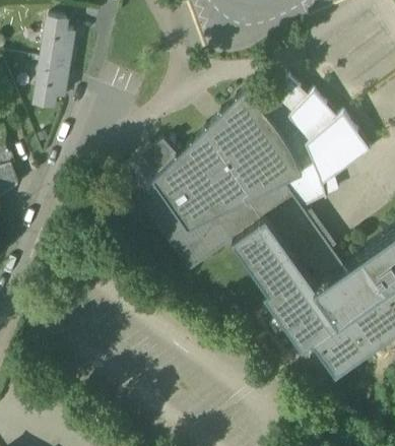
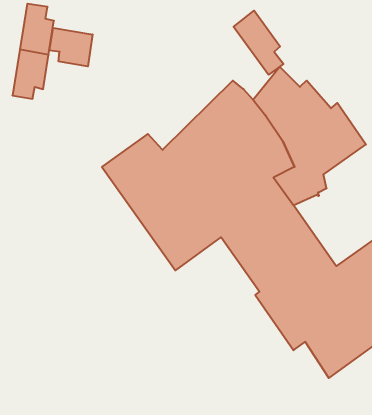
building: none -> [234,11,283,75]
building: none -> [49,28,93,66]

